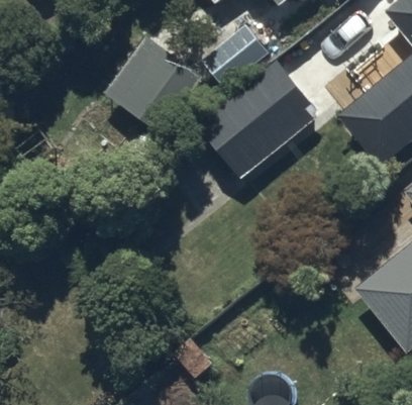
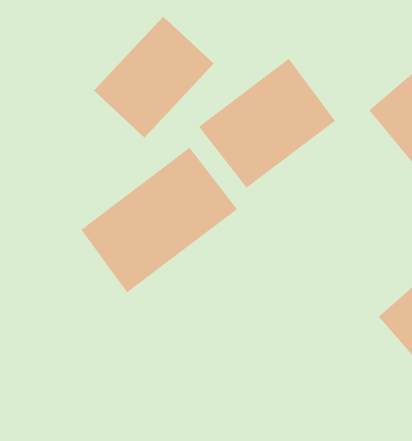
building: none -> [81,147,238,293]

